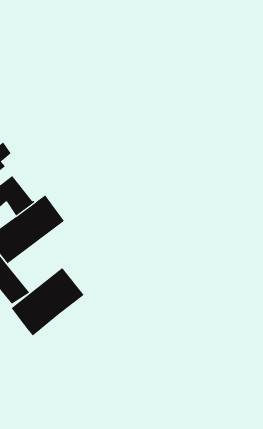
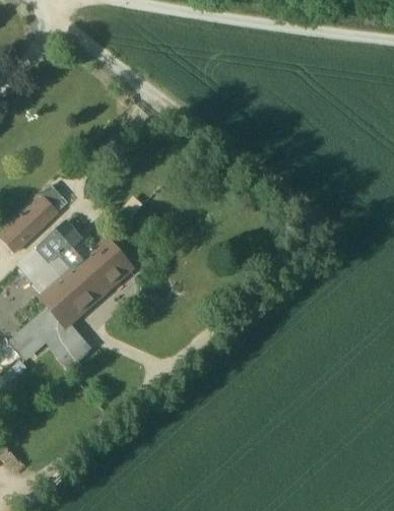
building: [11,267,84,336] -> none

